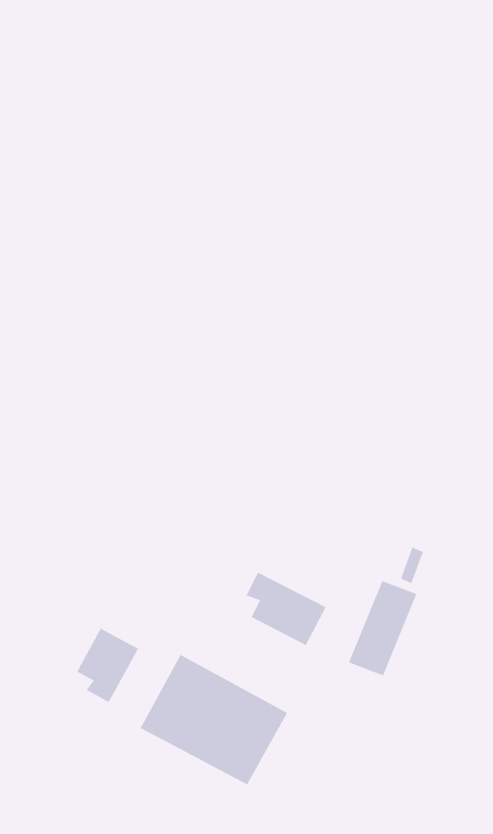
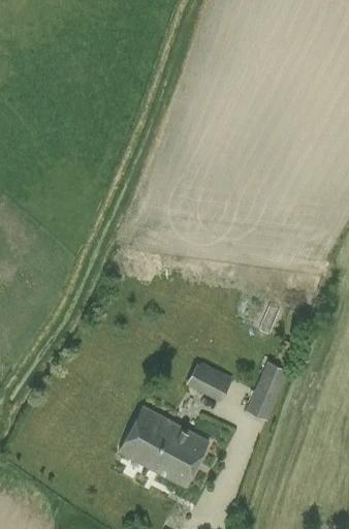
building: [76,628,139,703] -> none

